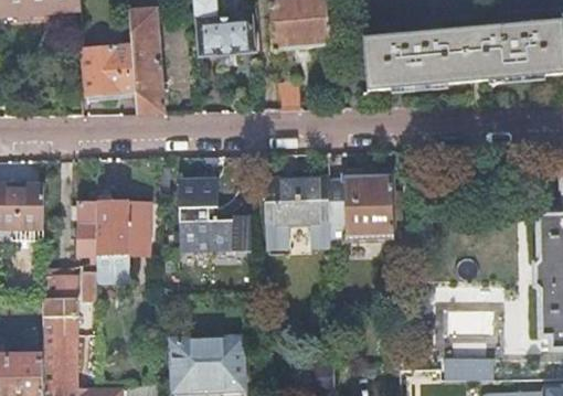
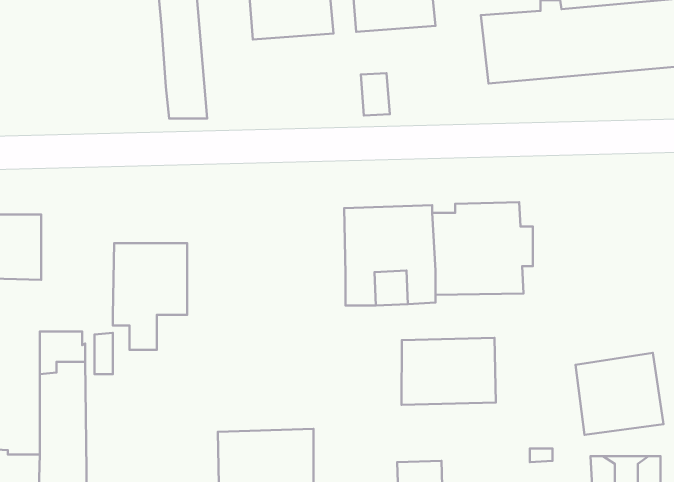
building: [85,45,136,103] -> none
building: [182,175,234,250] -> none
building: [74,203,98,255] -> none
building: none -> [401,338,496,405]

